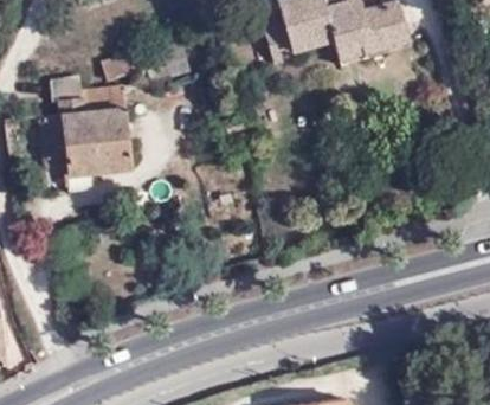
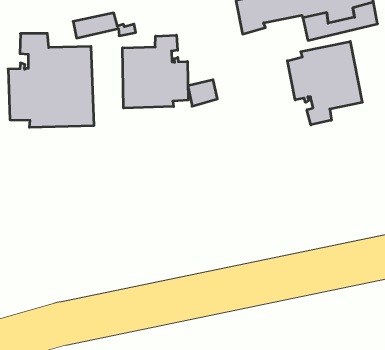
building: none -> [287,41,362,125]
building: none -> [123,35,188,108]

